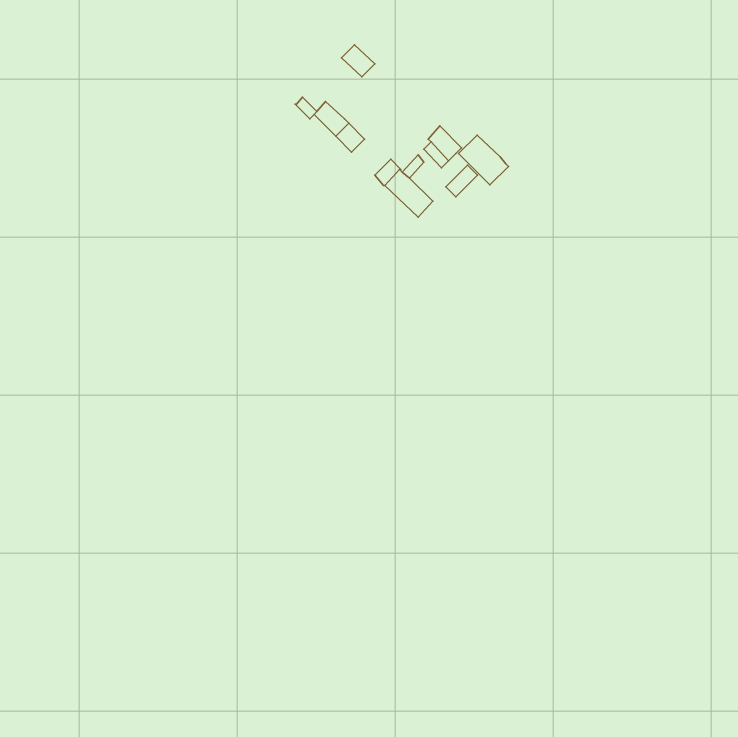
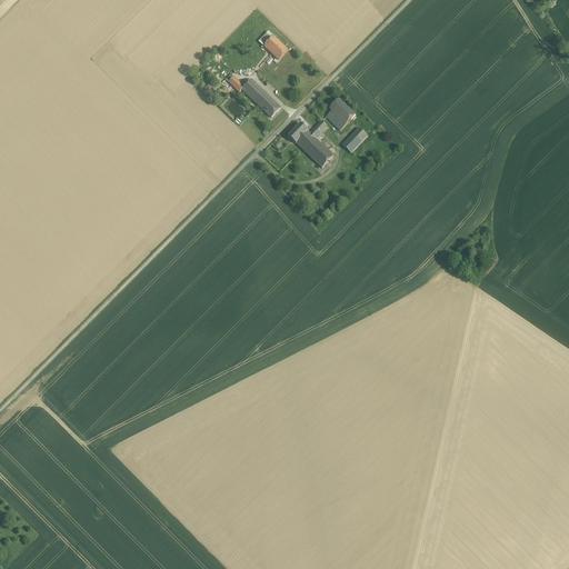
building: [458,135,509,185] -> none

